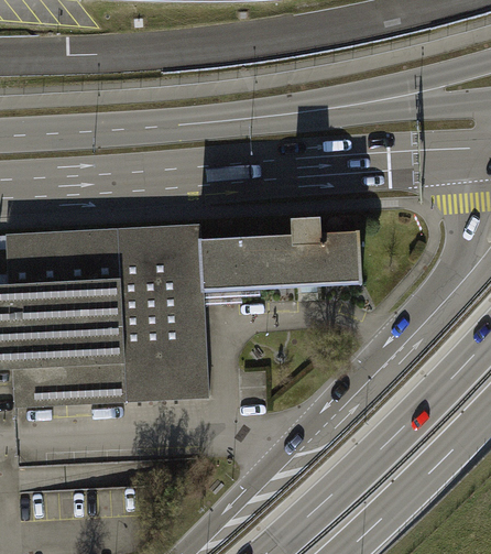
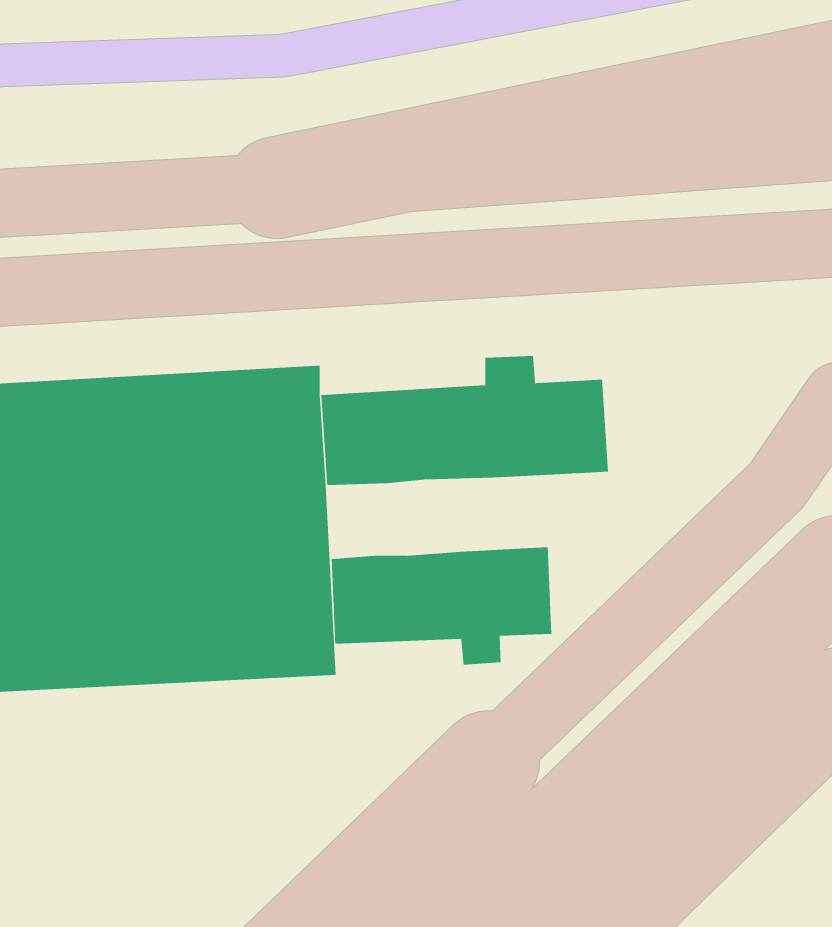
building: none -> [331,546,552,665]

